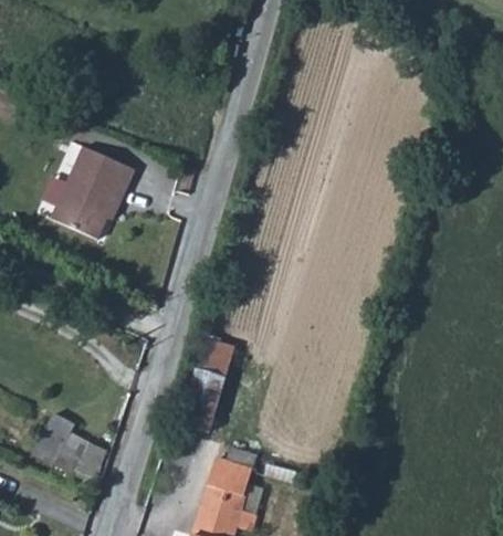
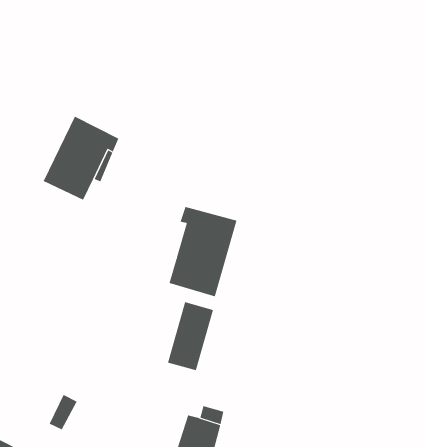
building: none -> [169,206,237,297]
building: [36,429,78,479] -> none

